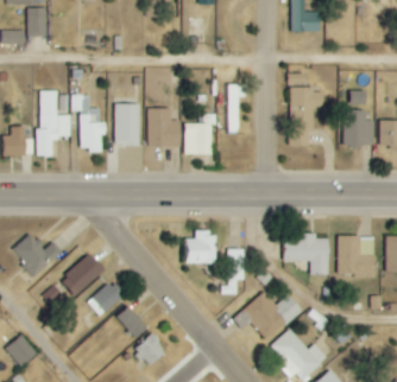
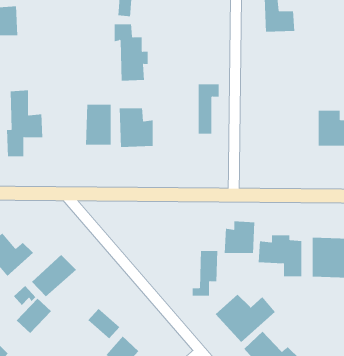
building: [289,87,323,146] -> none
building: [71,95,106,152] -> [114,24,149,81]
building: [183,123,213,155] -> none
building: [185,231,216,263] -> [224,221,255,253]
building: [86,281,121,317] -> [16,298,52,334]

